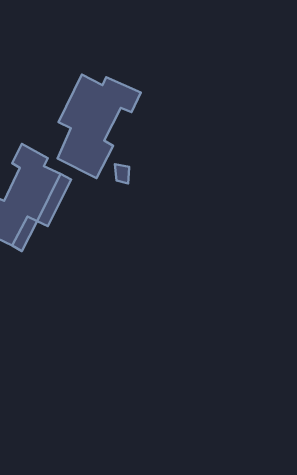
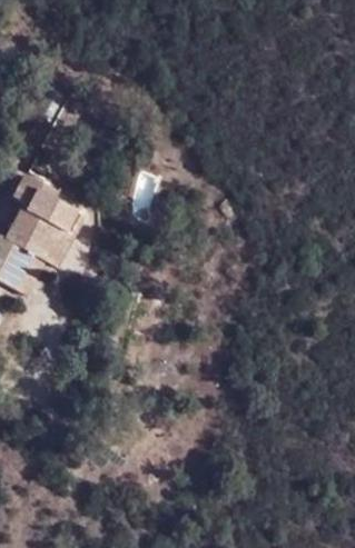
building: [58,75,141,178] -> none

